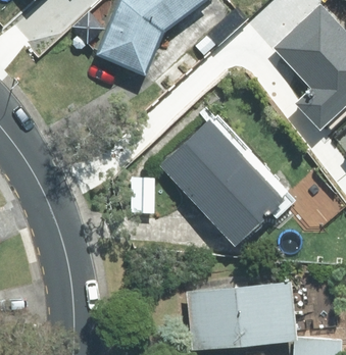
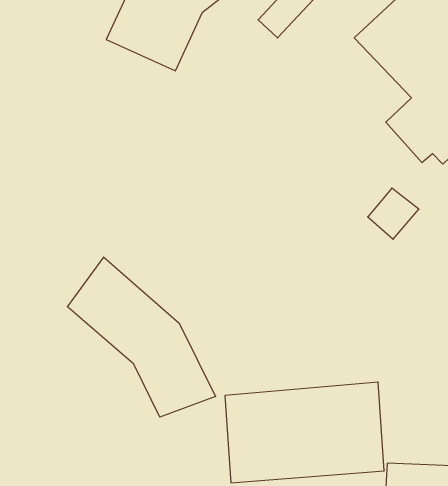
building: [167,111,290,241] -> none
building: none -> [67,257,216,417]

